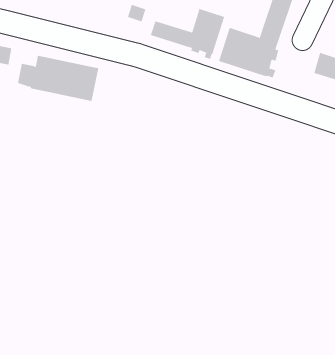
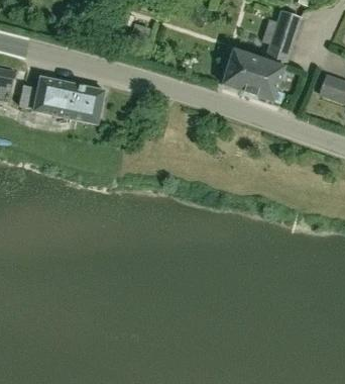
building: [150,8,225,60] -> none

